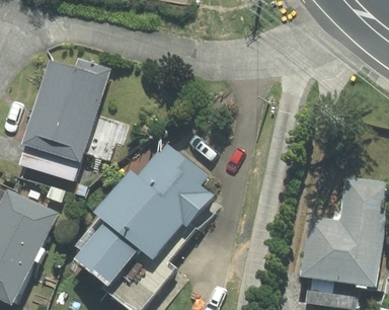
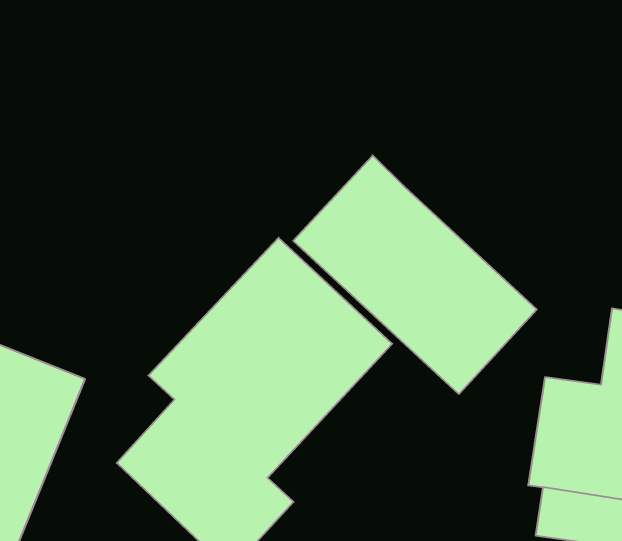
building: [17,64,127,183] -> none
building: none -> [293,155,537,394]

